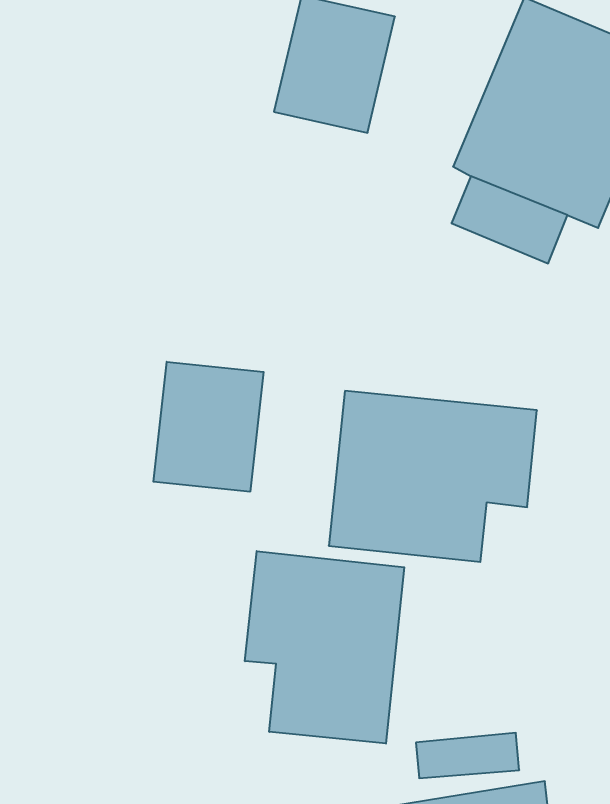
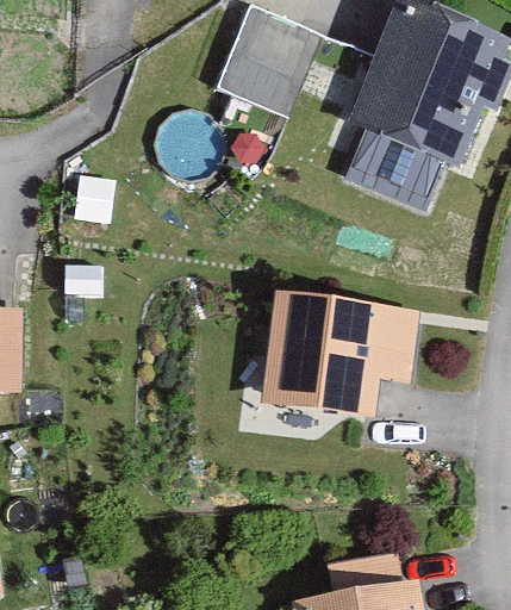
building: [153,362,264,492] -> none
building: [245,551,404,744] -> none

